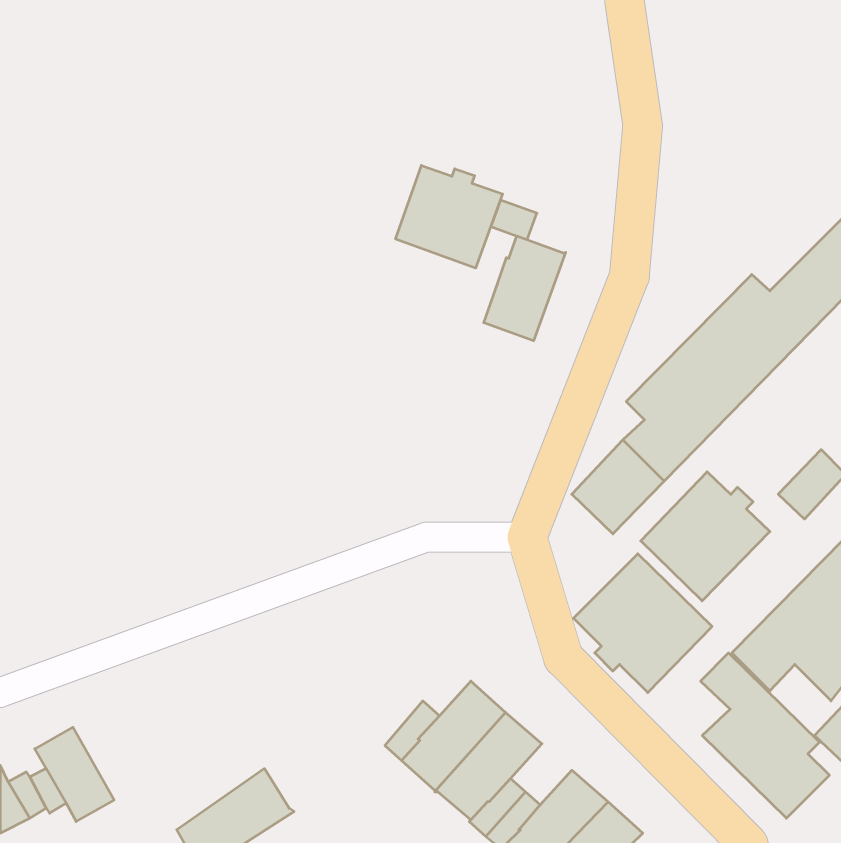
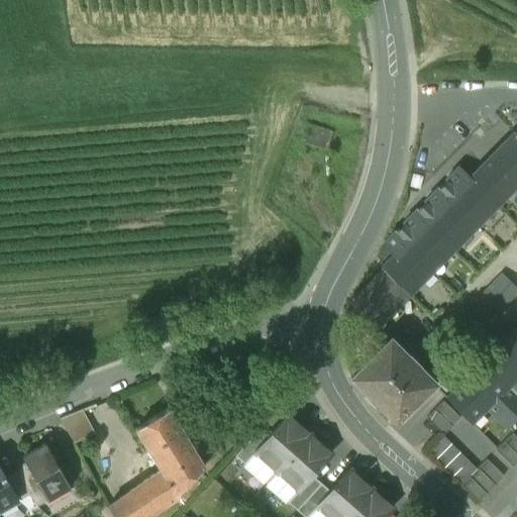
building: [396,165,503,268] -> none
building: [484,236,566,341] -> none
building: [641,472,770,601] -> none
building: none -> [138,410,207,495]
building: none -> [61,412,96,445]

